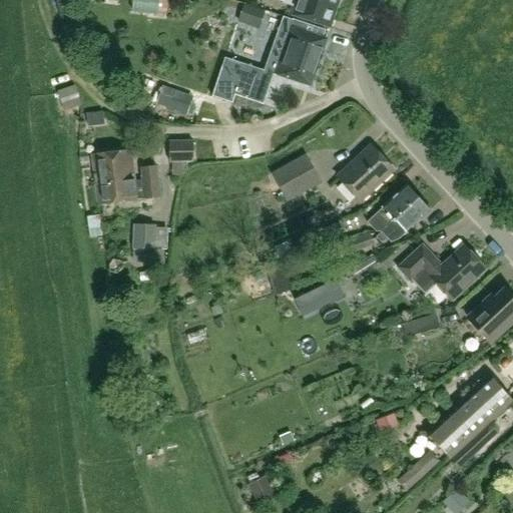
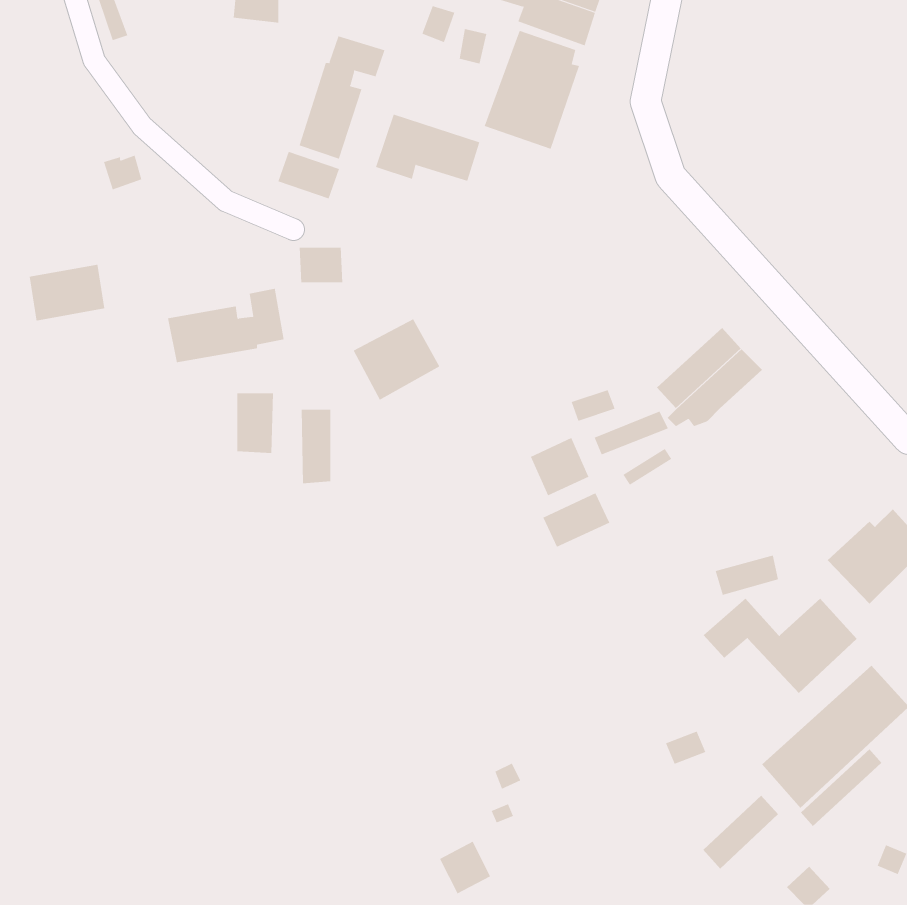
building: none -> [299,35,385,160]
building: [339,143,394,197] -> none
building: [91,147,134,179] -> [29,264,105,321]
building: [273,153,322,199] -> [353,319,440,400]
building: none -> [301,409,331,484]
building: [398,243,485,298] -> [703,598,857,694]
building: none -> [530,437,589,496]

